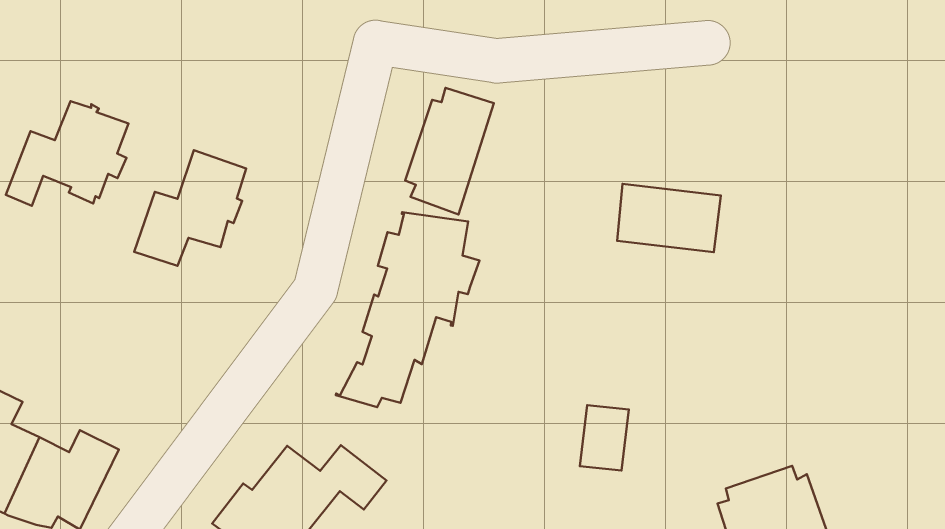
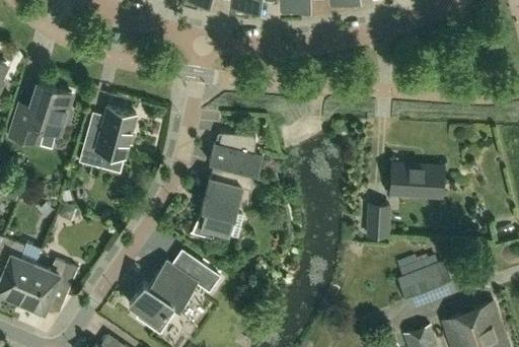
building: [405,88,494,215] -> none
building: [617,184,721,252] -> [390,163,444,197]
building: [580,405,629,470] -> [366,204,390,237]

